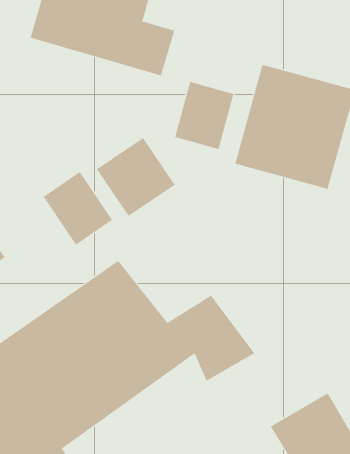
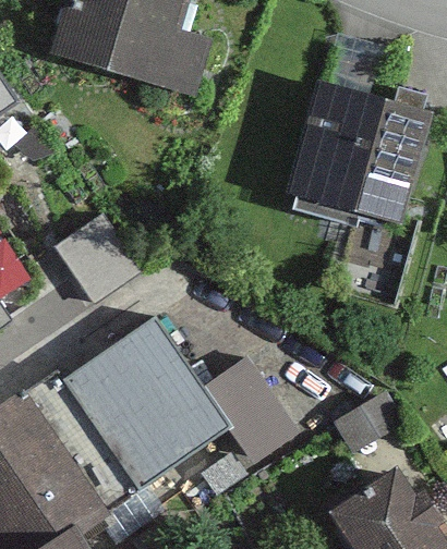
building: [174,81,234,150] -> none
building: [96,137,175,217] -> none

